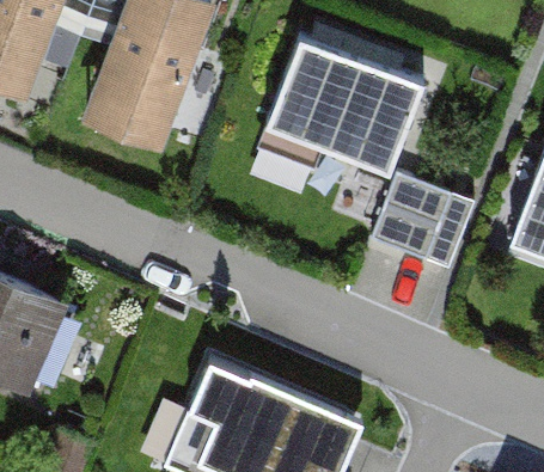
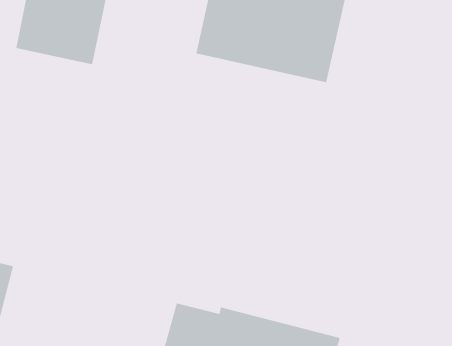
building: [372,177,473,272] -> none

